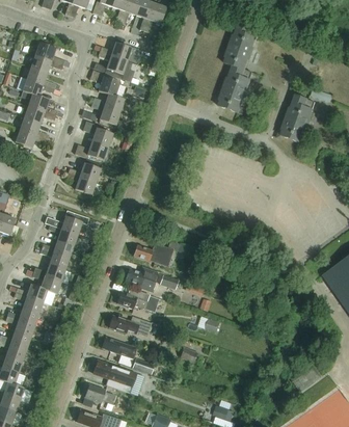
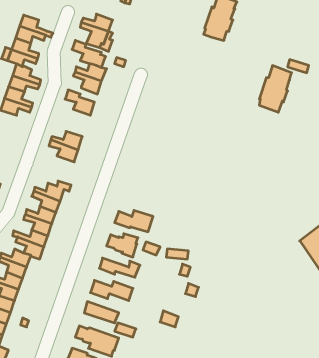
building: [218,65,252,113] -> none
building: [74,139,108,159] -> none

